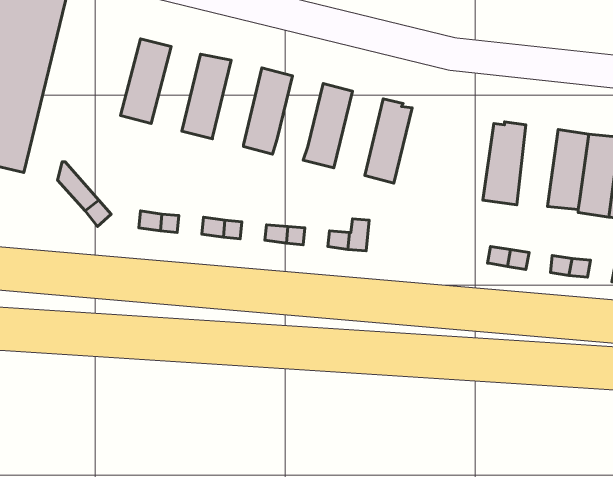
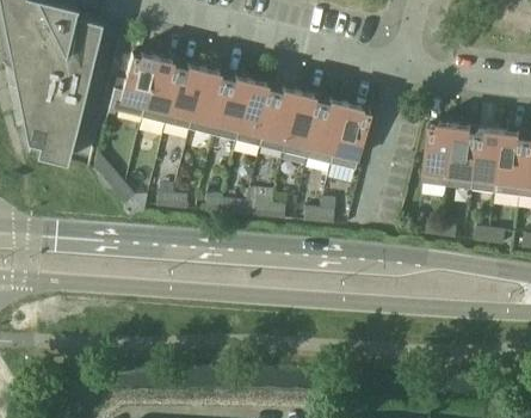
building: none -> [109,54,158,118]
building: none -> [166,64,204,130]
building: none -> [214,75,252,142]
building: none -> [260,87,300,153]
building: none -> [308,99,346,165]
building: none -> [450,125,482,190]

